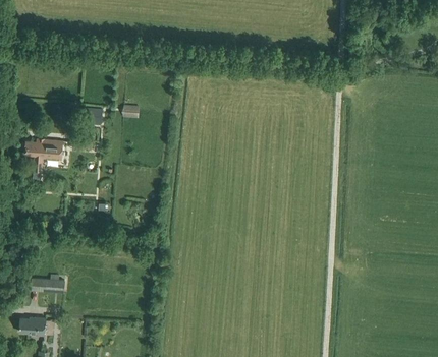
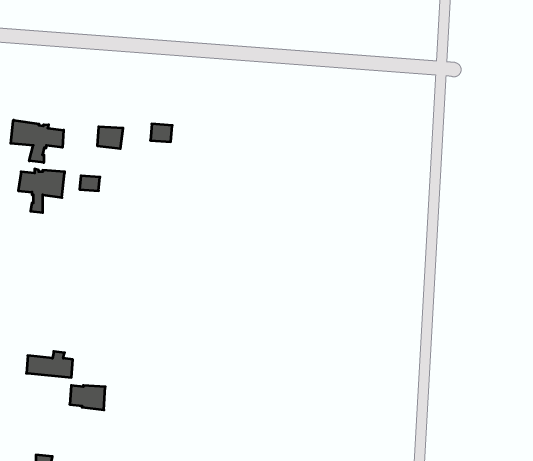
building: none -> [11,120,64,163]
building: [19,317,46,336] -> [70,385,105,410]

